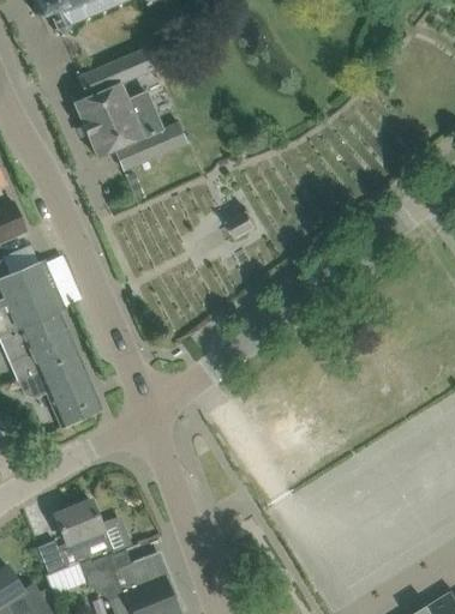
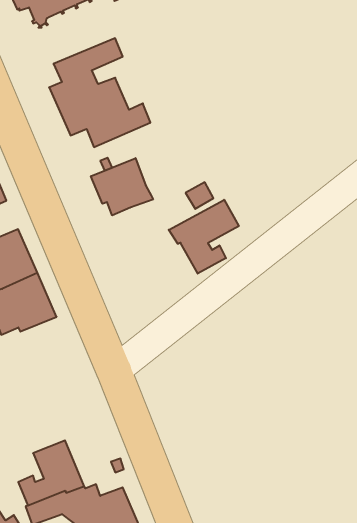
building: none -> [91,158,153,215]
building: none -> [169,200,239,274]
building: [41,361,102,427] -> none

